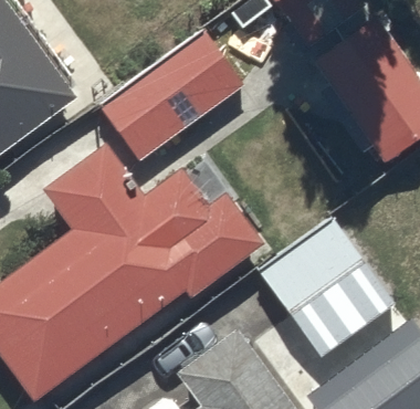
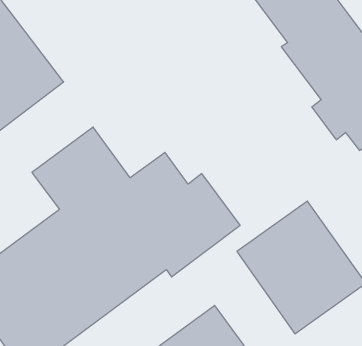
building: [101,31,248,164] -> none

